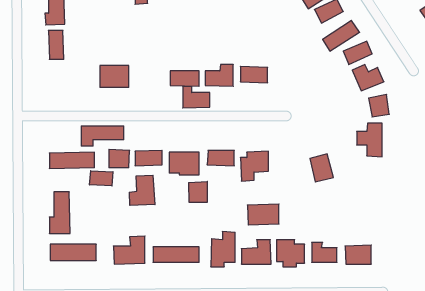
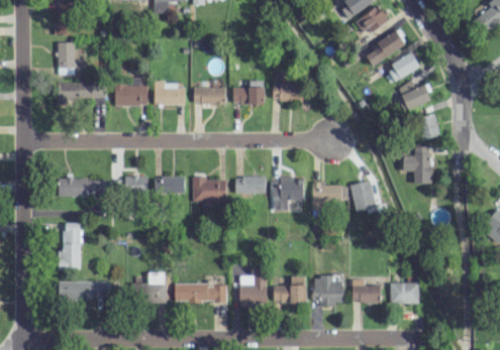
building: [183,86,210,108] -> [155,81,185,105]
building: [81,126,124,146] -> [58,83,105,105]
building: [90,171,113,186] -> none
building: [129,175,155,205] -> none
building: [189,181,207,202] -> none
building: [247,204,279,225] -> [312,184,347,207]

